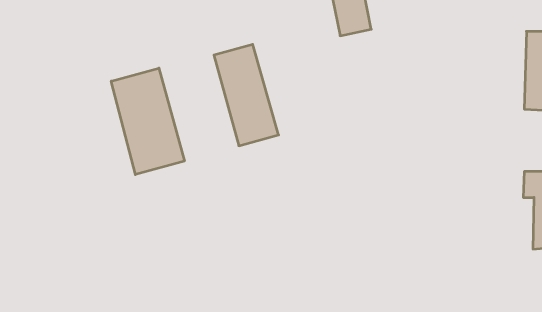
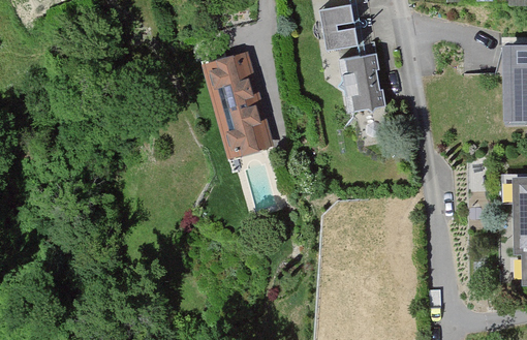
building: none -> [343,54,383,109]
building: [111,68,184,175] -> none

